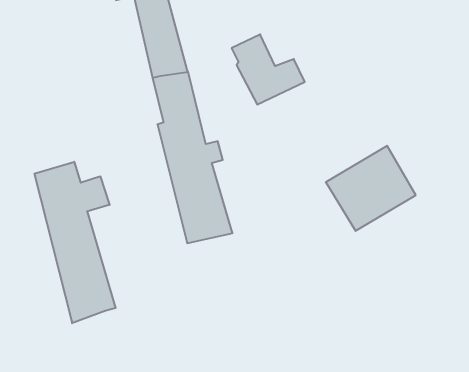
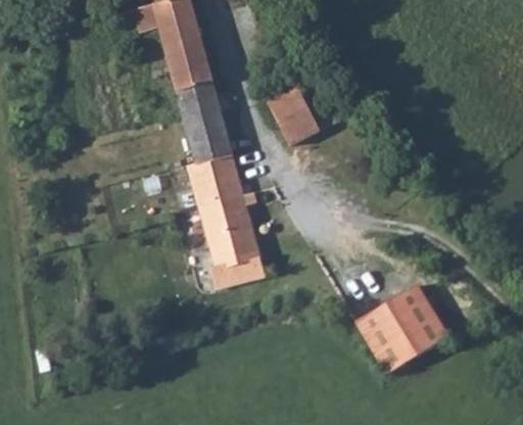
building: [326,146,416,231] -> [354,284,447,372]
building: [35,162,116,323] -> none

